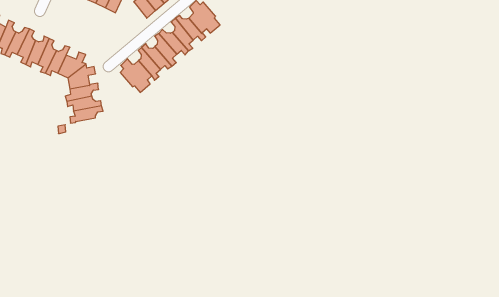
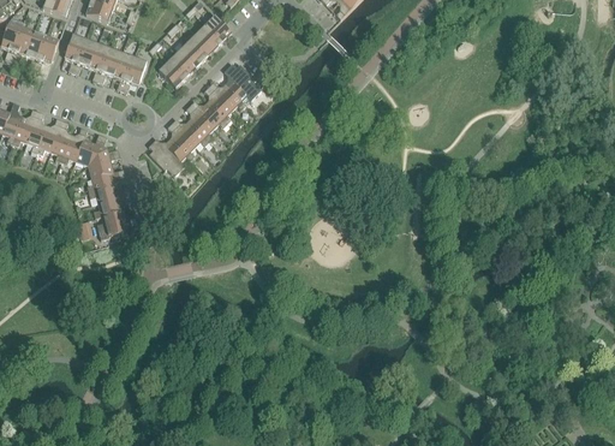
building: none -> [96,209,137,239]

